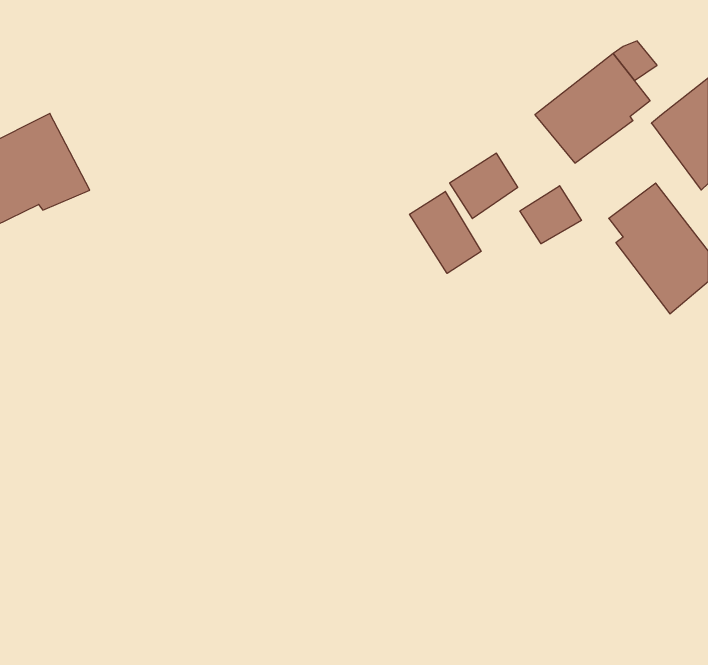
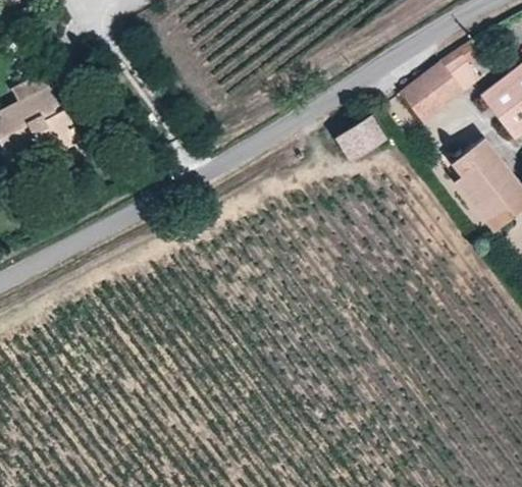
building: [520,186,581,244] -> none
building: [410,191,481,273] -> none

